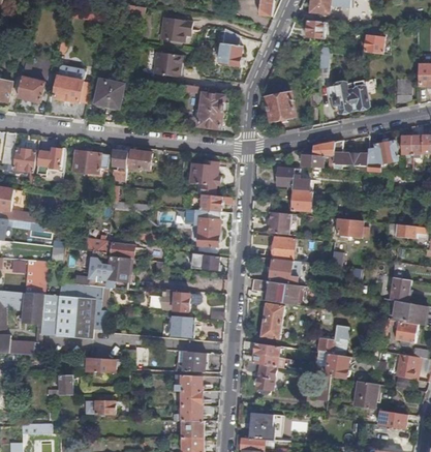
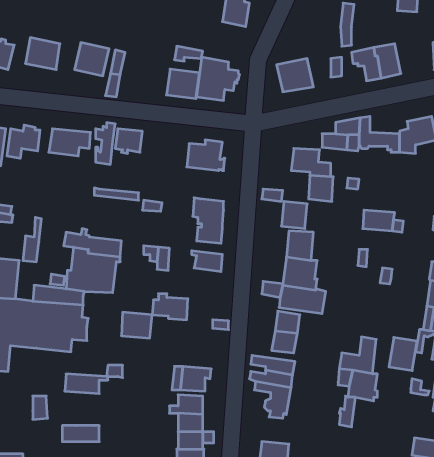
building: [153,51,181,76] -> [166,69,200,99]
building: [199,194,232,212] -> none
building: [168,315,194,337] -> [121,312,152,338]
building: [353,382,377,410] -> [389,337,417,371]

